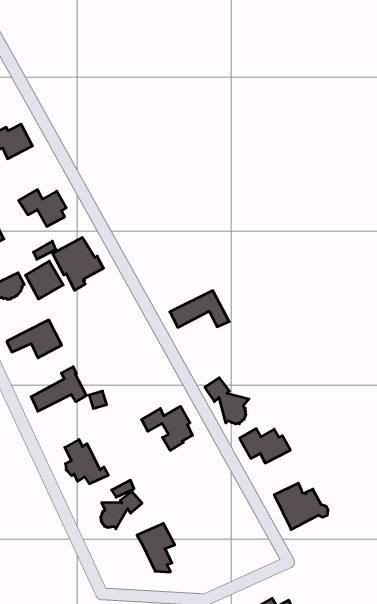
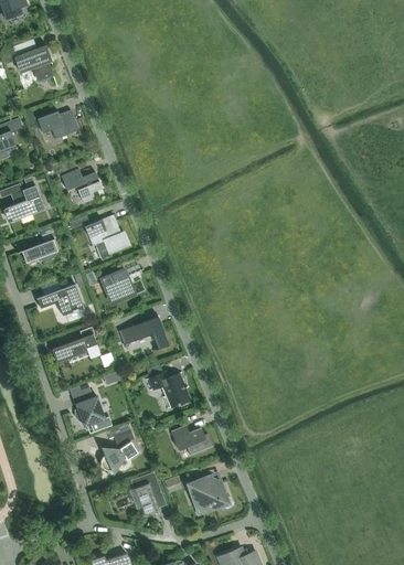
building: [25,261,63,299] -> [102,269,134,301]
building: [170,291,229,327] -> [118,317,169,349]
building: [205,378,249,424] -> none
building: [240,429,290,463] -> [170,425,213,456]
building: [274,483,328,530] -> [187,476,232,515]

